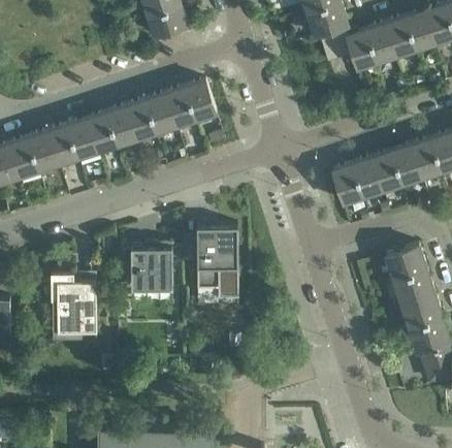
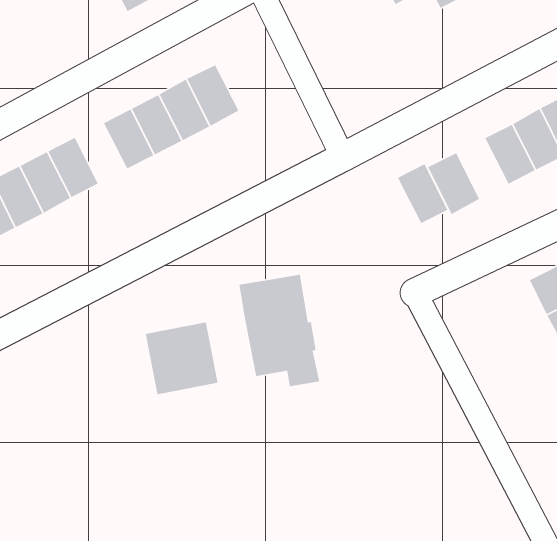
building: [106,107,136,147] -> none
building: [352,159,382,198] -> [397,163,449,224]
building: [51,274,96,332] -> none

